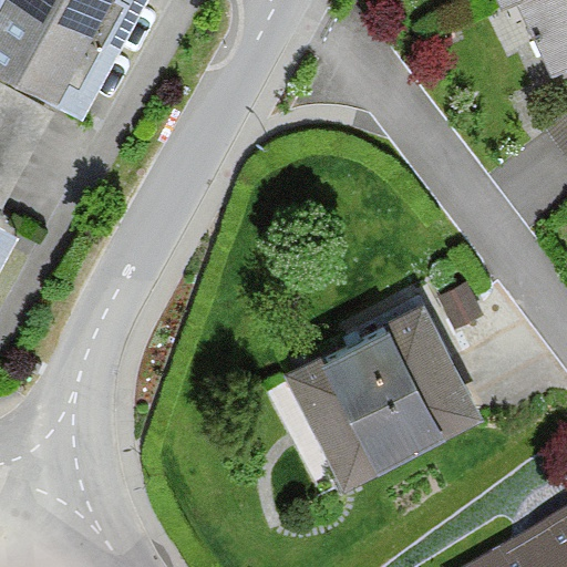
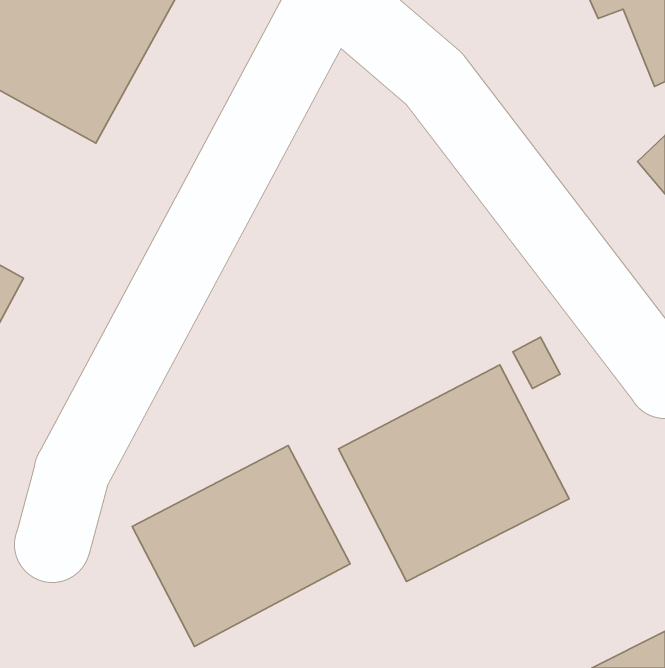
building: none -> [132,446,350,646]

